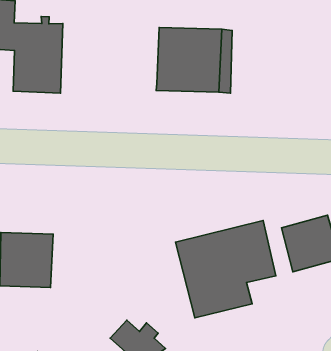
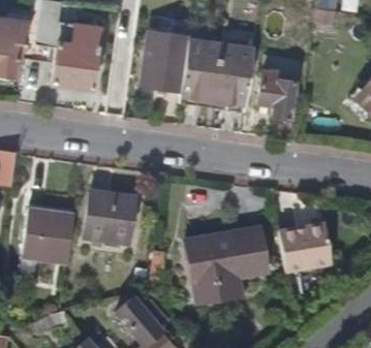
building: none -> [142,32,189,90]
building: none -> [257,70,300,120]
building: none -> [84,191,136,244]

